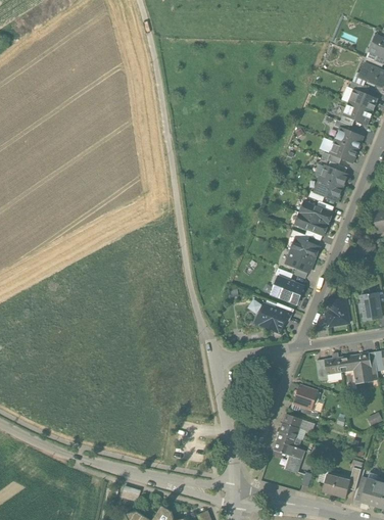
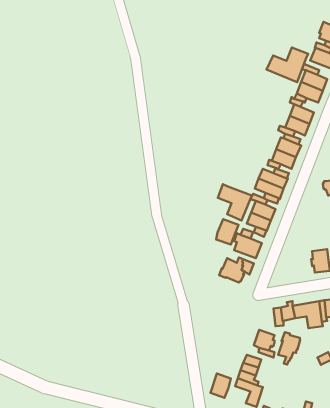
building: none -> [266,48,308,82]
building: none -> [218,184,252,221]
building: none -> [216,219,239,244]
building: [327,299,349,326] -> none
building: none -> [278,332,300,365]
building: none -> [211,374,231,398]

